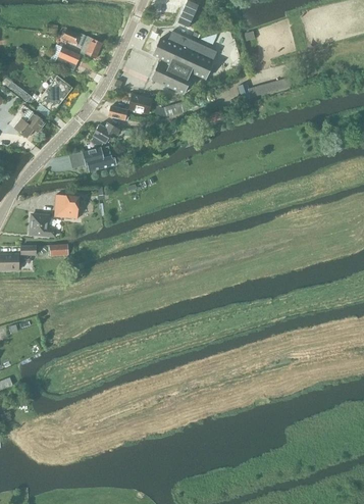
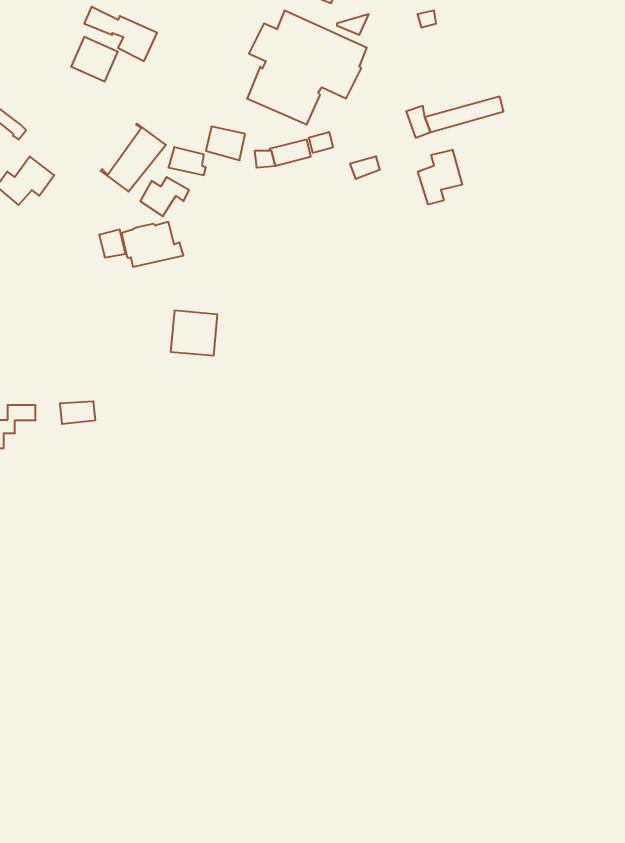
building: [37,75,72,112] -> [100,124,166,192]
building: none -> [418,150,462,204]
building: [54,194,80,218] -> [171,311,217,356]
building: [30,214,55,236] -> none

